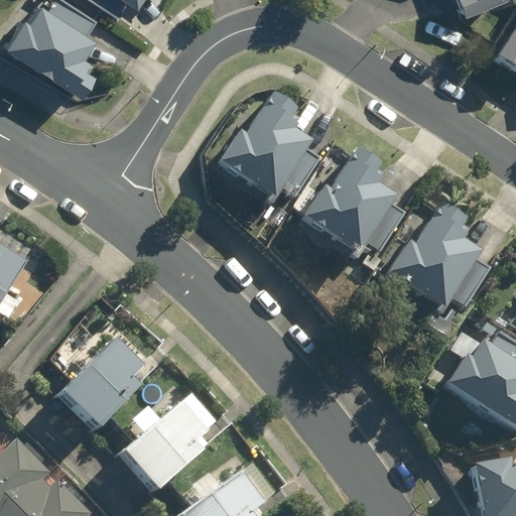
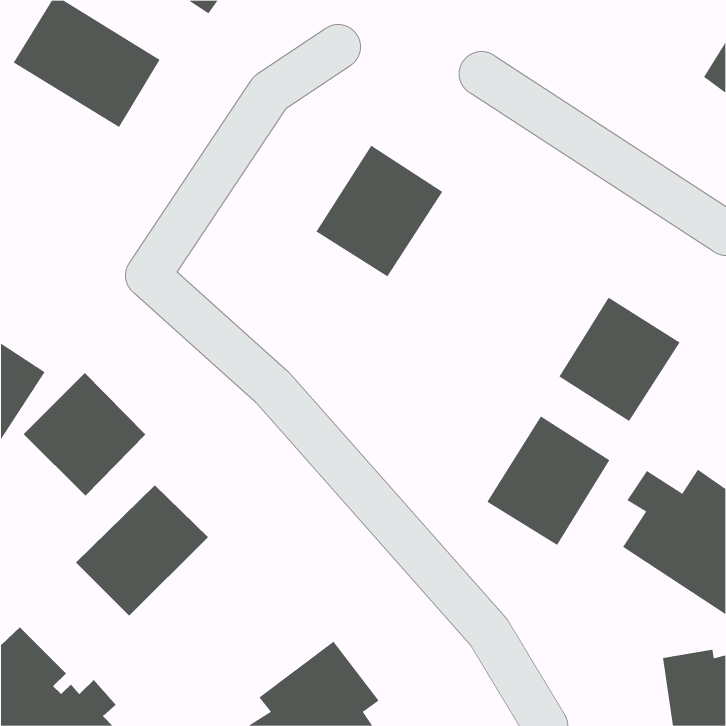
building: [309,159,400,253] -> none
building: none -> [23,372,146,496]
building: none -> [486,415,610,546]
building: [112,397,219,499] -> none

